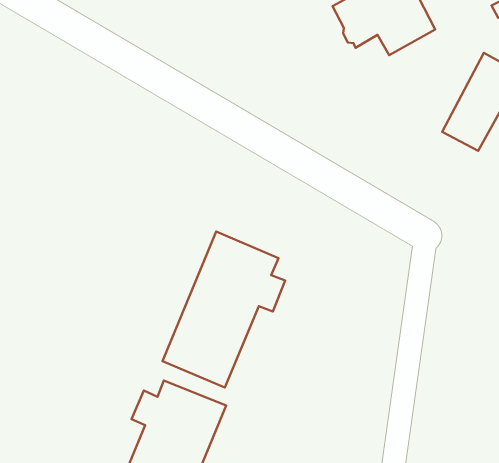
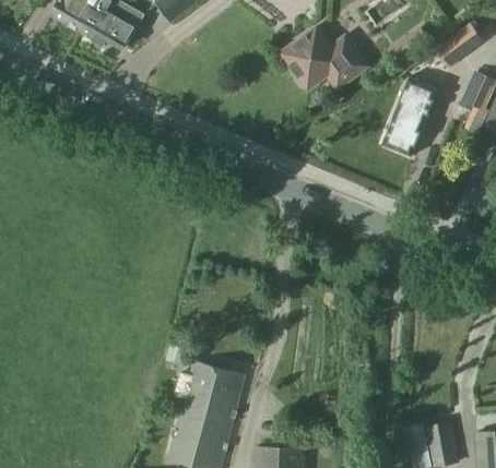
building: [163,232,285,388] -> none

